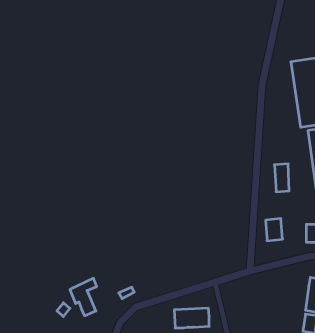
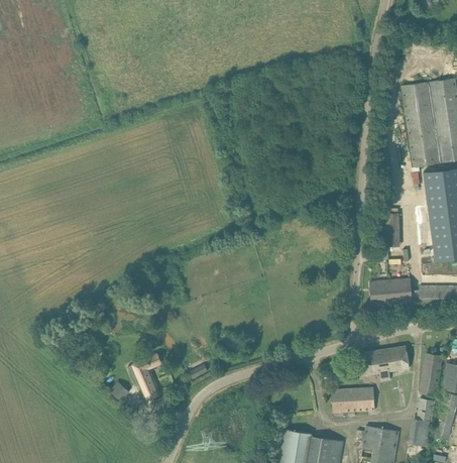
building: none -> [390,278,413,305]
building: none -> [359,345,411,375]
building: [174,308,209,328] -> [332,387,375,412]

